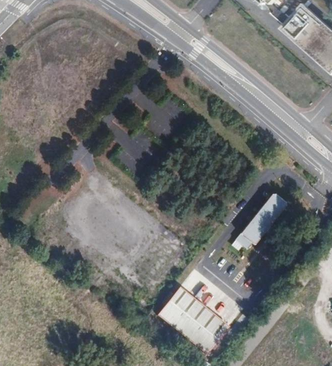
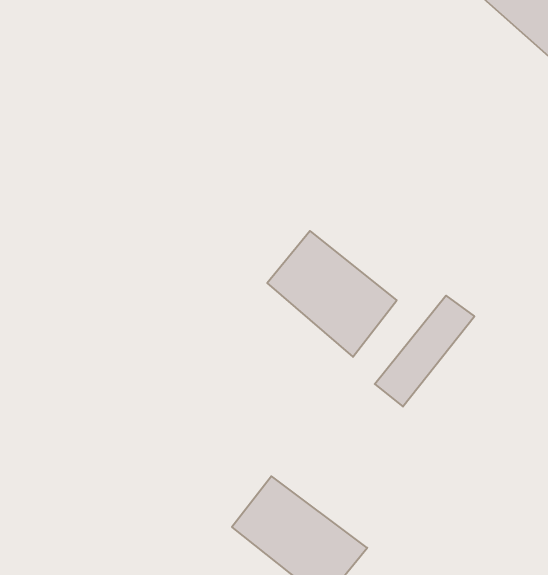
building: none -> [267,231,397,357]

